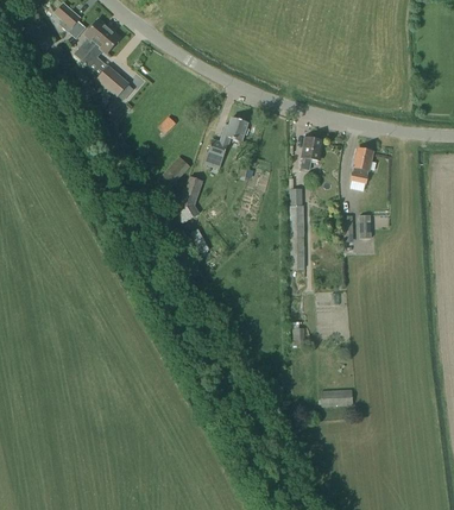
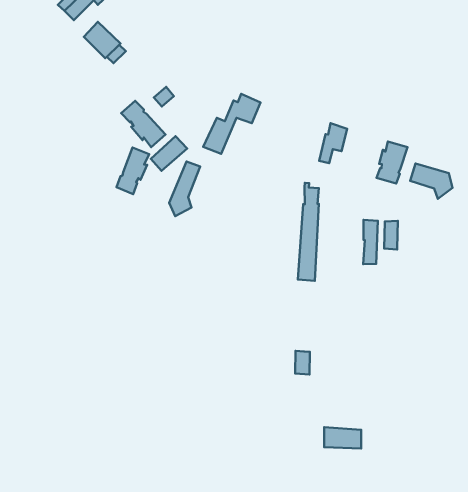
building: none -> [121,101,165,147]
building: none -> [410,164,452,199]
building: none -> [117,147,149,194]

